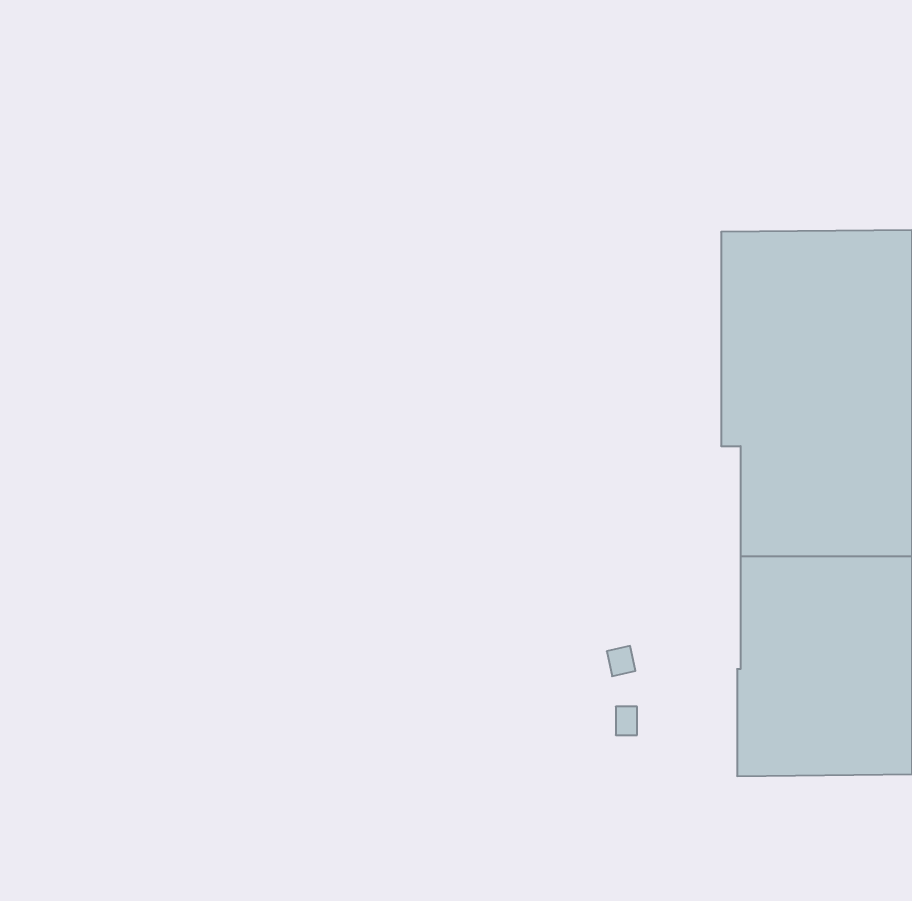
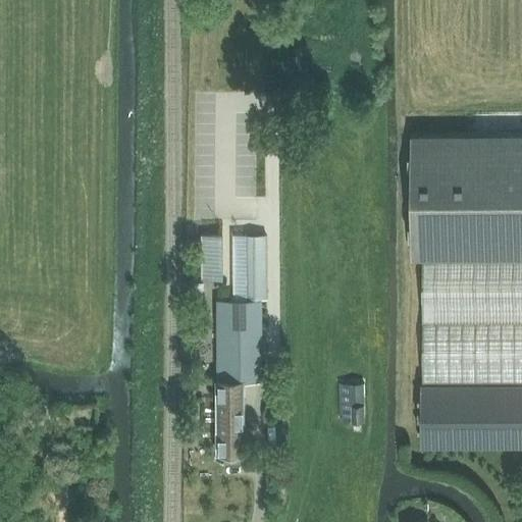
building: none -> [215,241,266,468]

